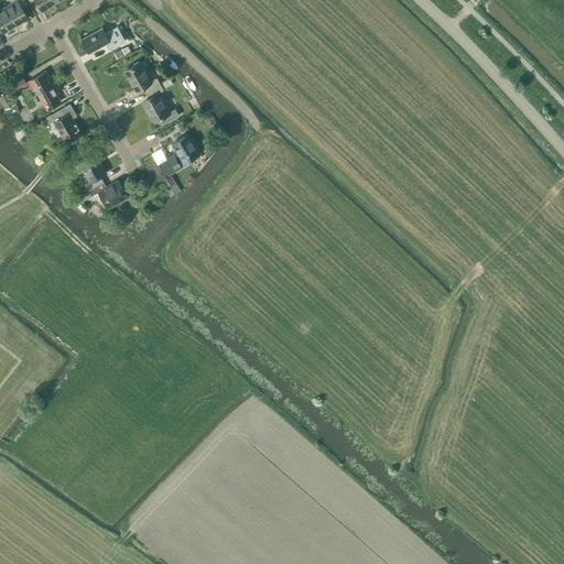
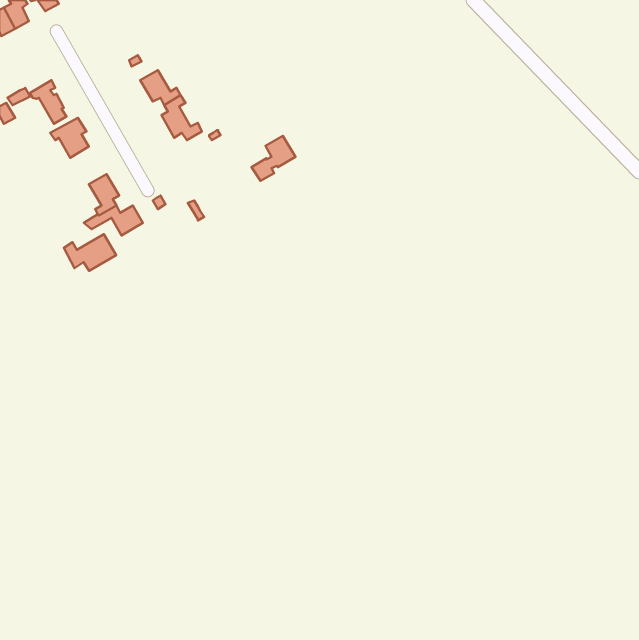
building: [80,25,123,53] -> none
building: [160,134,198,174] -> [252,136,295,181]
building: none -> [64,234,116,271]

